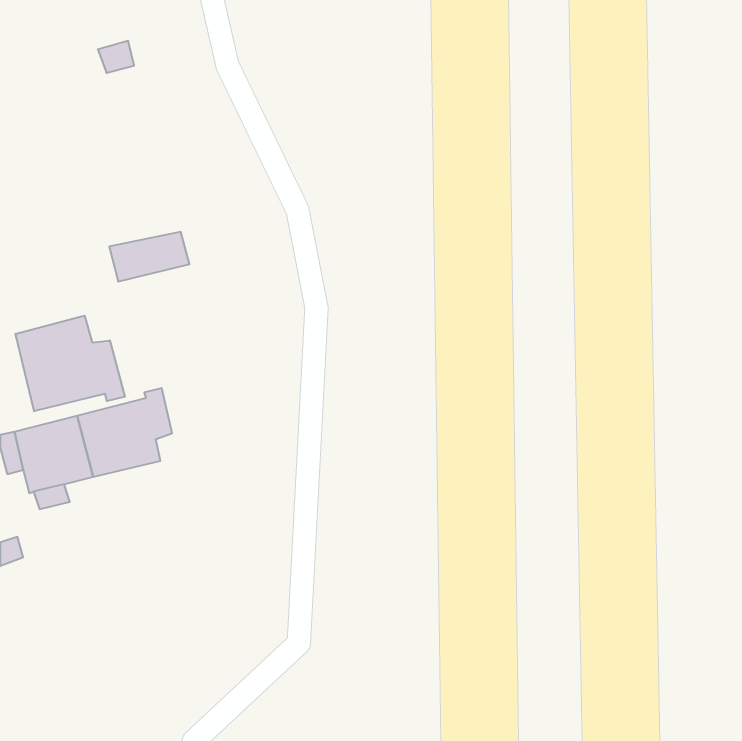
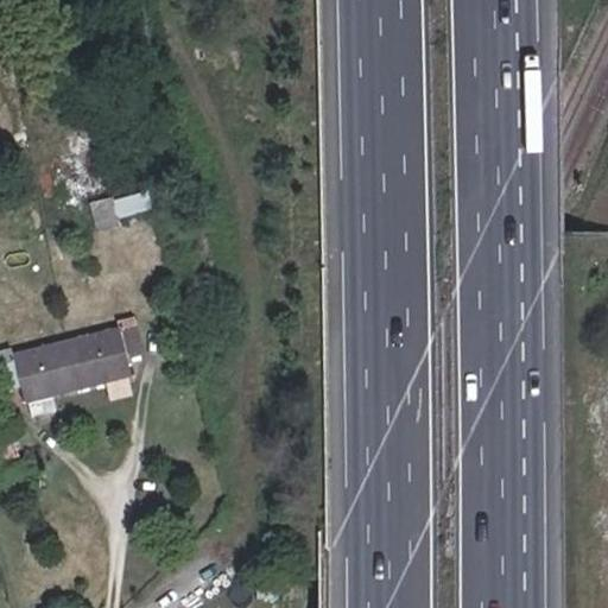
building: [16,316,125,411] -> none

